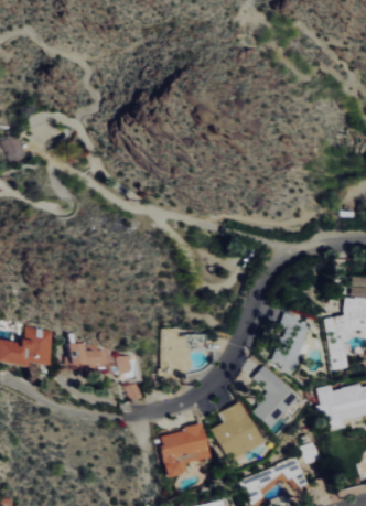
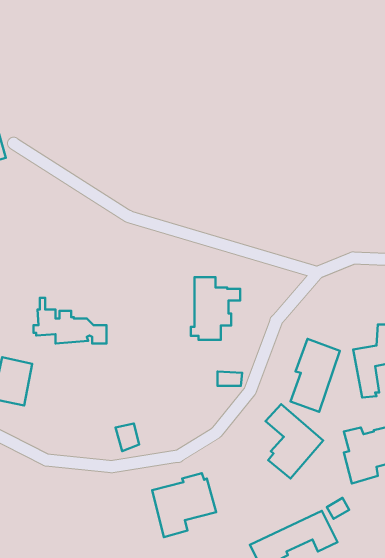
building: [161,327,203,380] -> [191,277,240,340]
building: [66,333,128,372] -> [33,298,107,343]
building: [213,400,265,460] -> none

